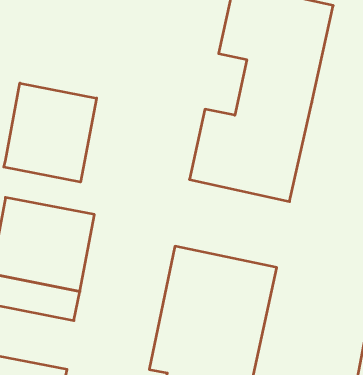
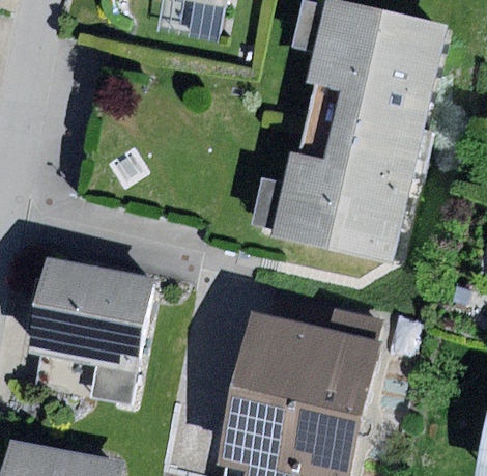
building: [4,83,97,182] -> none

